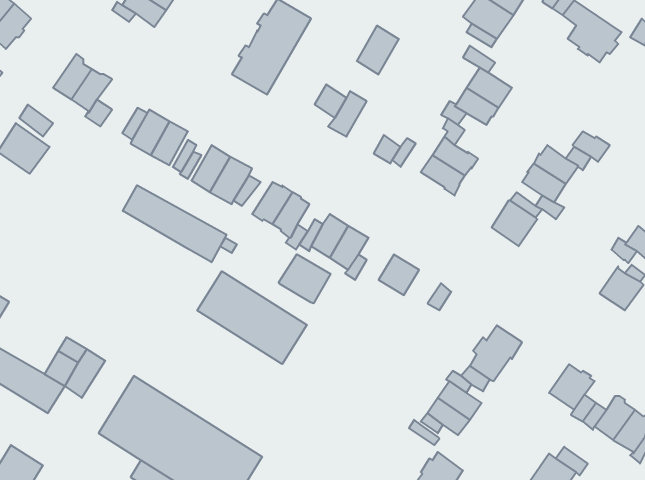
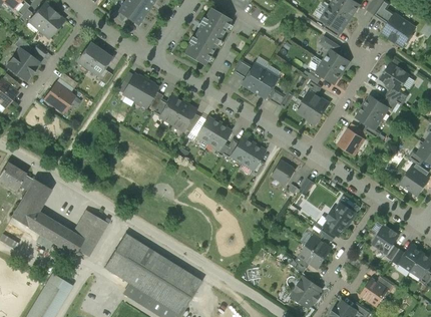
building: [357,26,399,74] -> [252,69,277,98]
building: none -> [382,63,409,91]
building: [123,185,226,262] -> none
building: [279,254,331,303] -> none
building: [197,271,307,364] -> none

